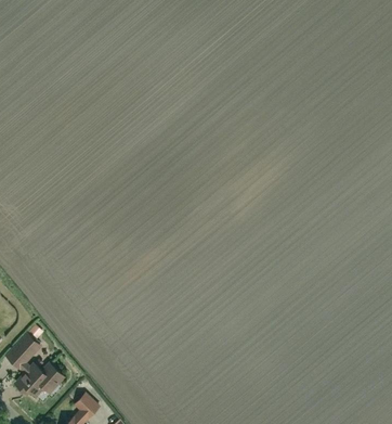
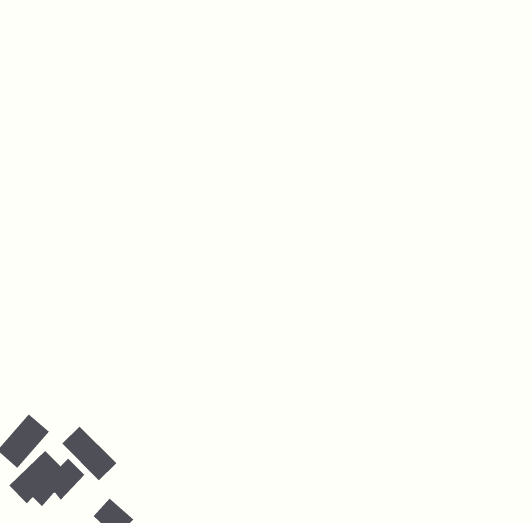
building: none -> [61,426,117,481]

